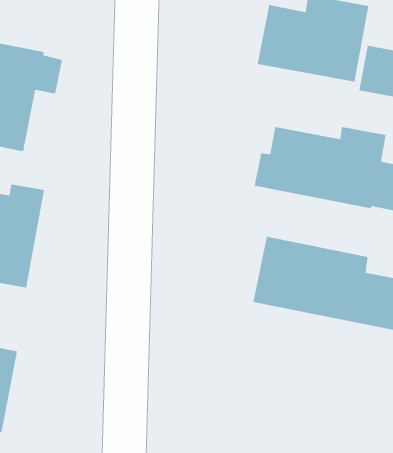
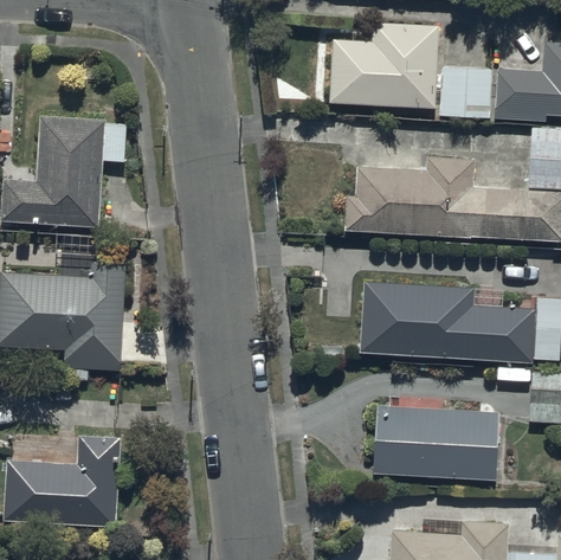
building: none -> [374,406,501,481]

